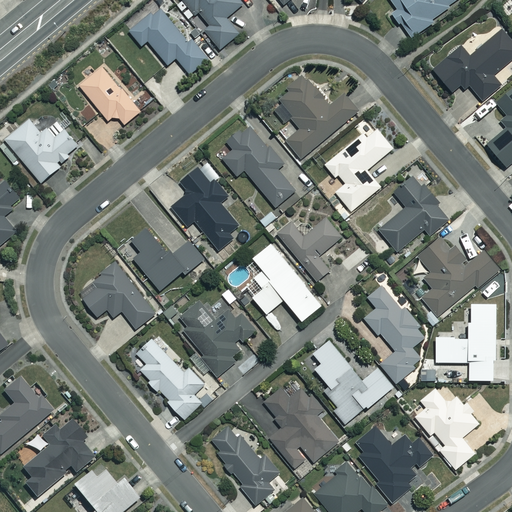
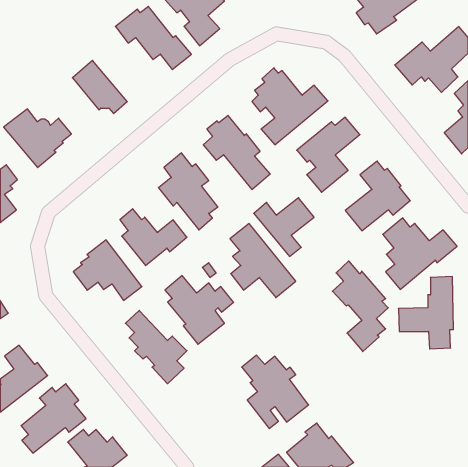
building: [312,339,394,423] -> none
building: [414,388,479,469] -> none
building: [212,427,279,504] -> none
building: [356,427,433,502] -> none

